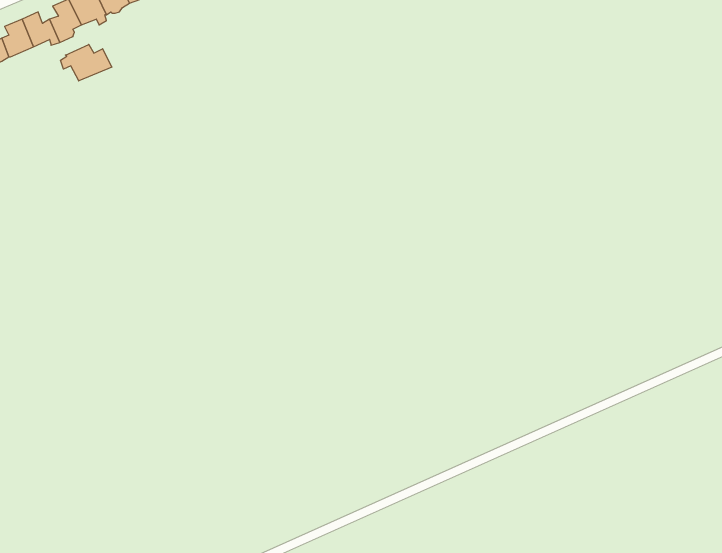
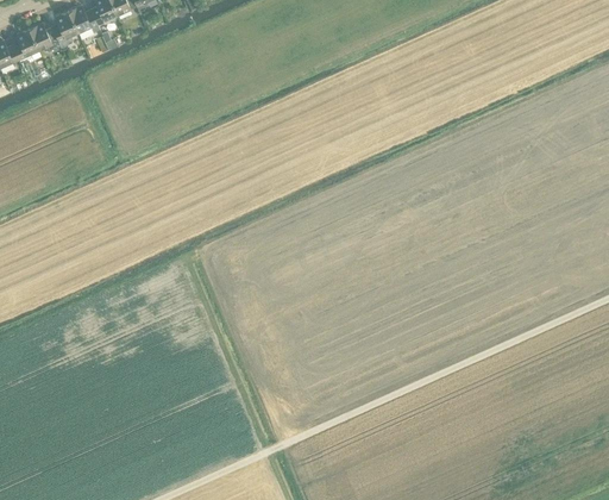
building: [61,44,112,81] -> none

